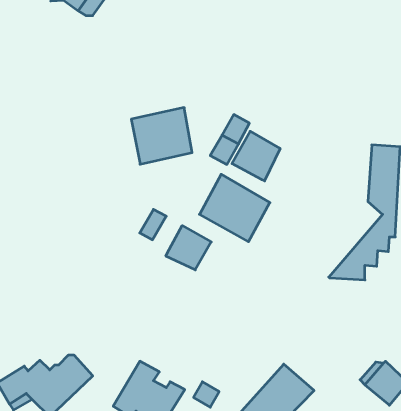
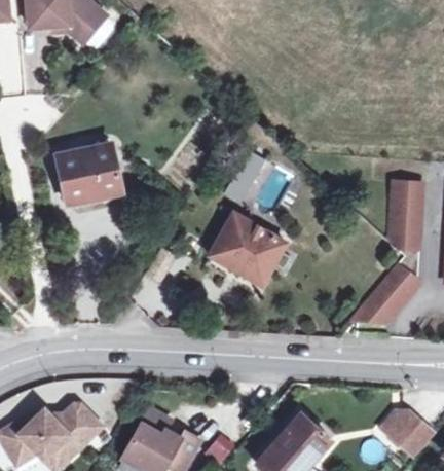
building: [131,108,192,164] -> [58,144,121,204]
building: [232,131,280,181] -> none
building: [166,226,211,270] -> none

